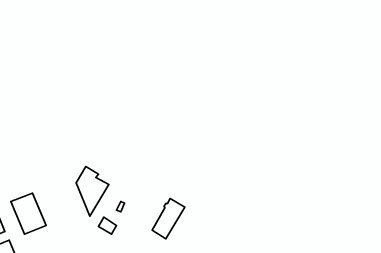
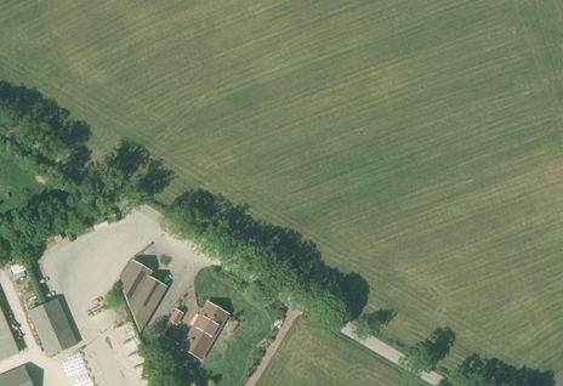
building: [152,198,185,239] -> [181,301,227,358]

